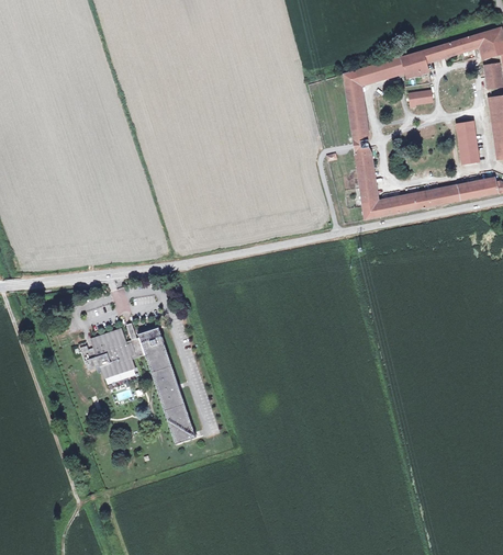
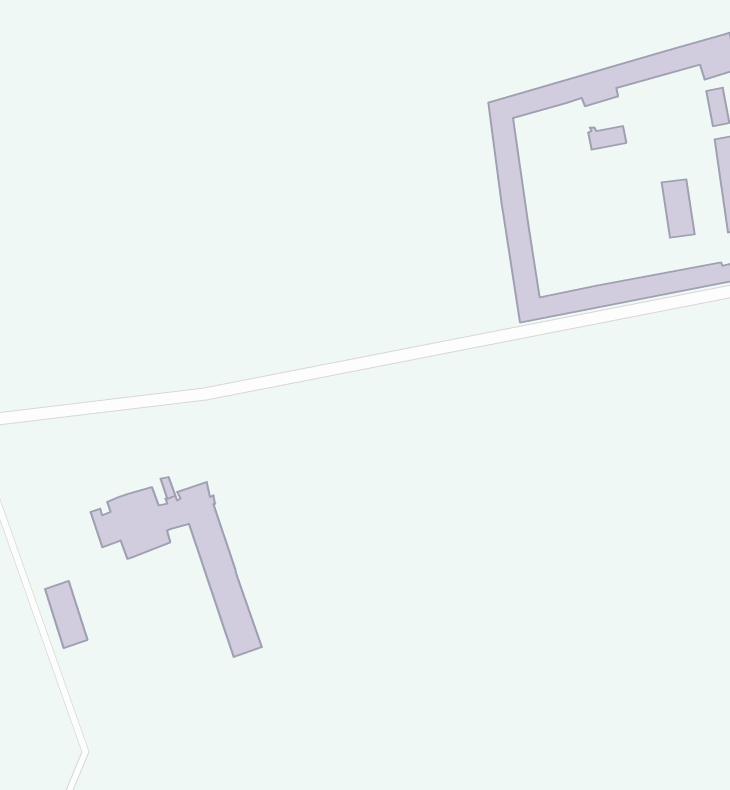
building: none -> [45,581,87,648]

